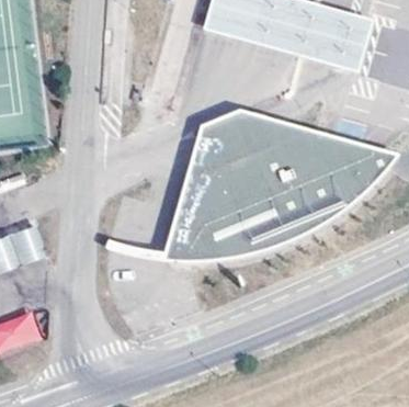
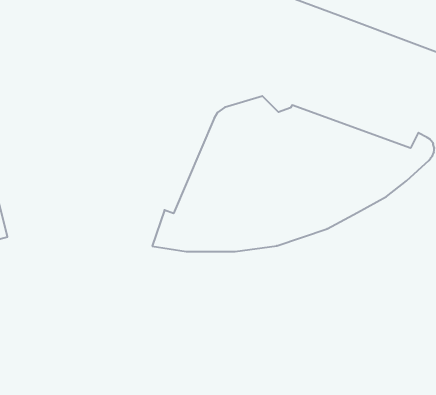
building: [170,109,375,230] -> none

